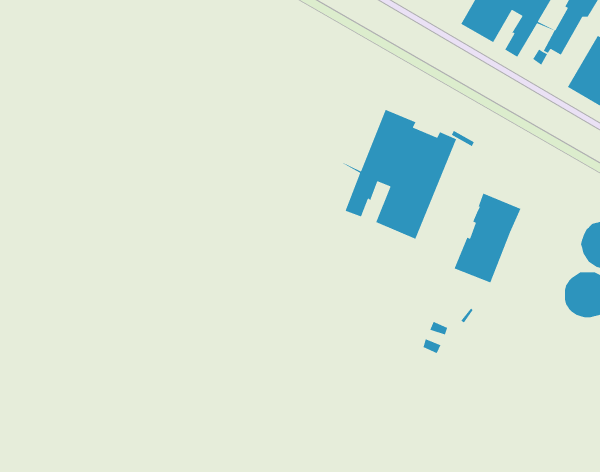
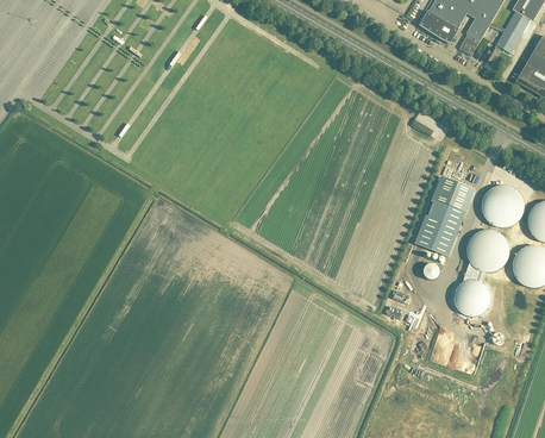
building: [342,109,457,240] -> none
building: none -> [481,184,524,226]
building: none -> [453,230,509,317]

